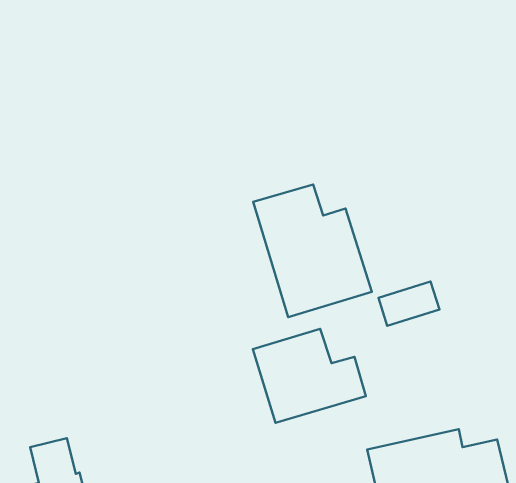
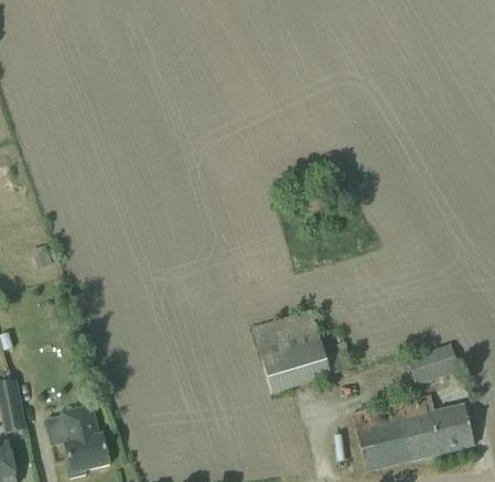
building: [253,184,372,317] -> none
building: [378,281,439,326] -> [406,347,459,385]

